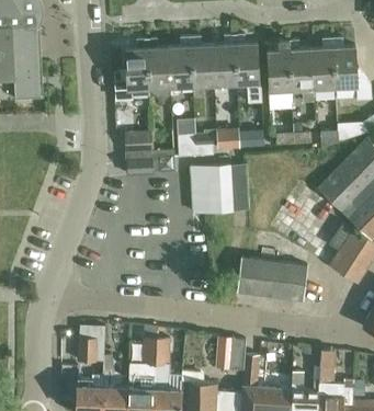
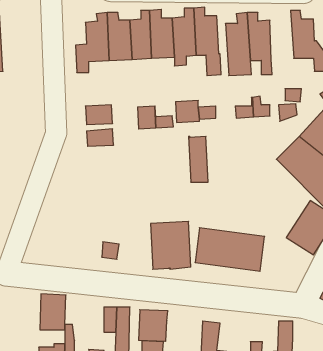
building: [311,38,336,88] -> none
building: [191,165,231,214] -> [151,221,191,269]
building: [215,341,245,373] -> [139,310,168,341]

